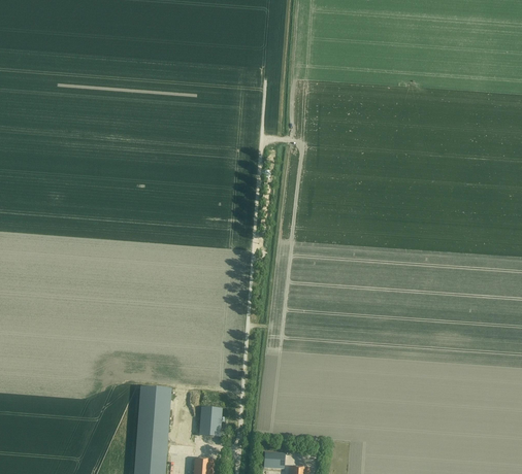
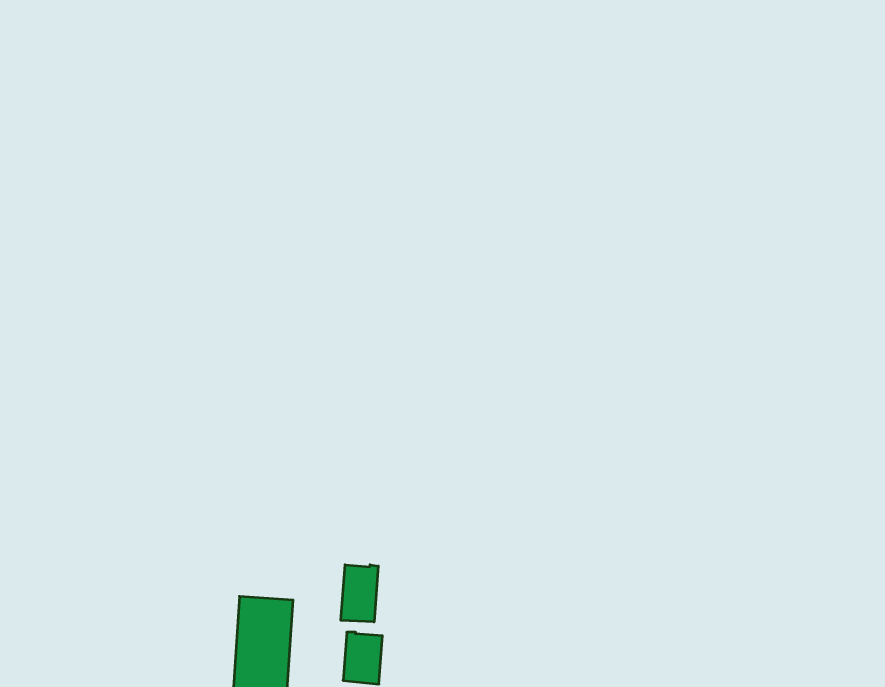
building: none -> [341,565,378,622]

